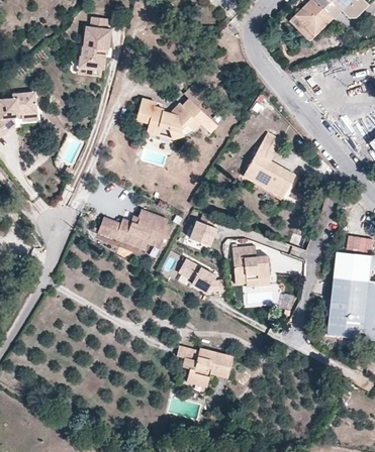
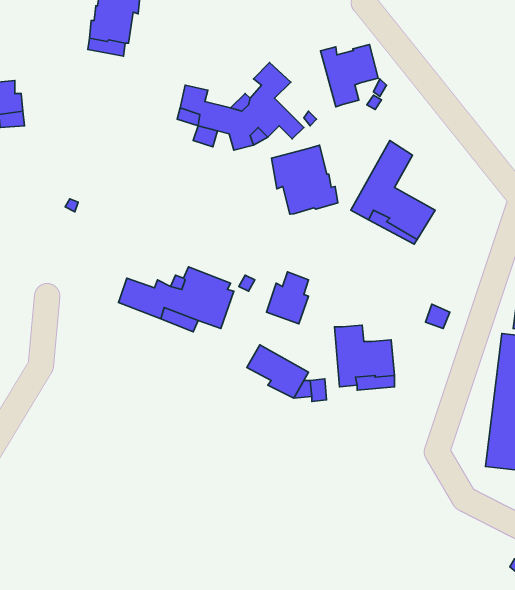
building: none -> [321,45,378,107]
building: none -> [272,145,338,214]
building: [176,347,233,385] -> none

